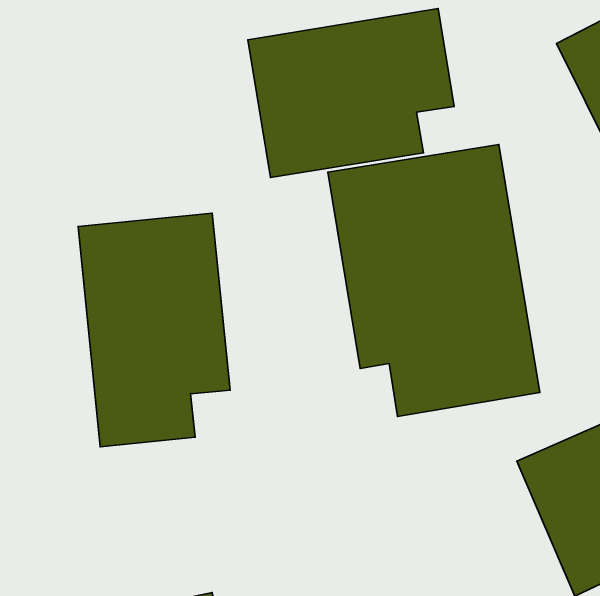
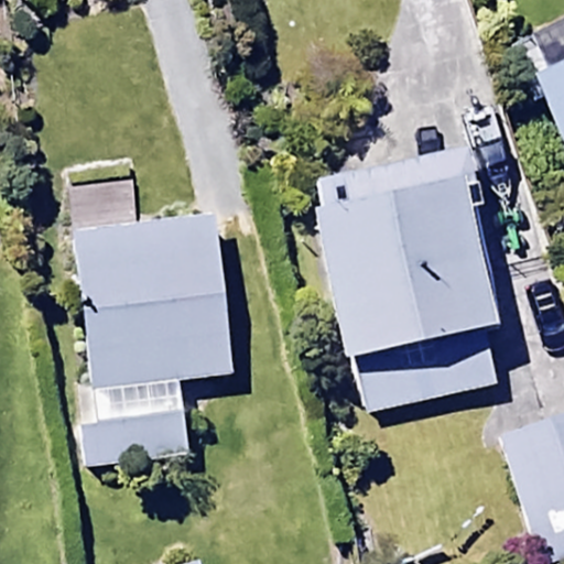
building: [248,8,454,178] -> none

